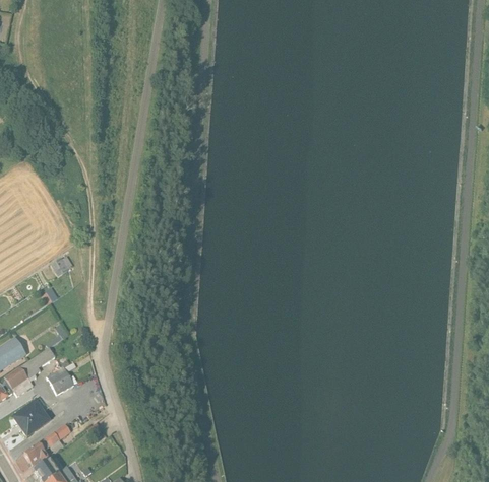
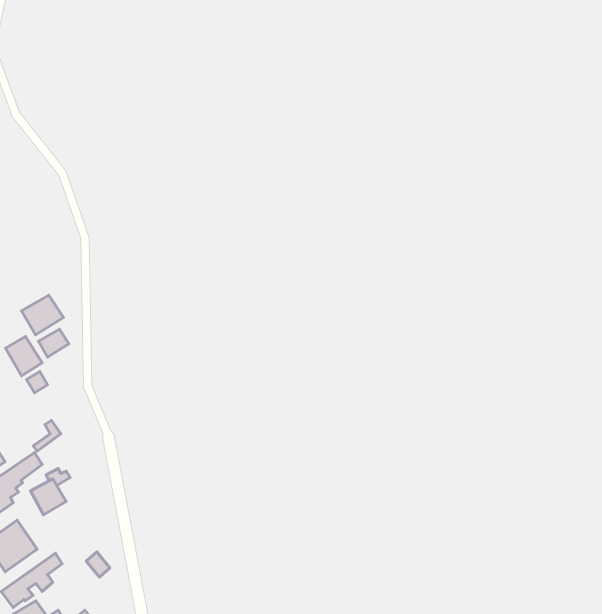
building: none -> [22,295,64,335]
building: none -> [5,337,42,376]

